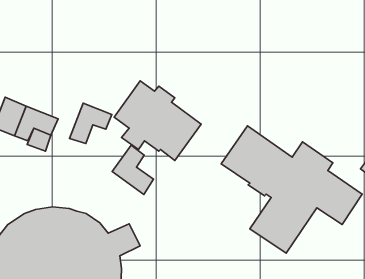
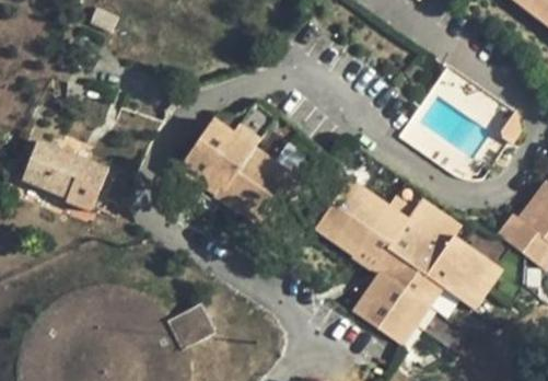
building: [69,103,112,144] -> none
building: [112,145,153,194] -> none

